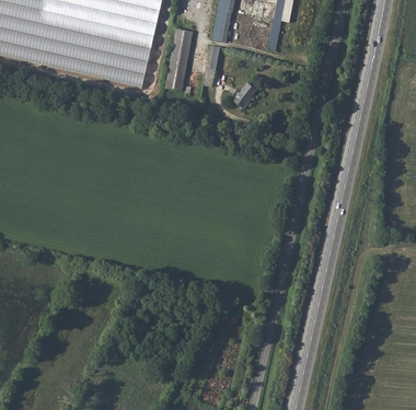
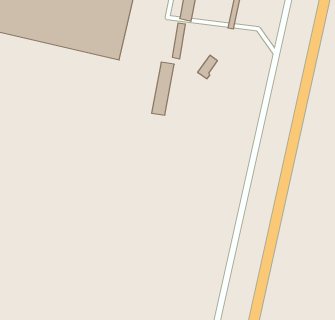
building: [165,28,192,90] -> [152,62,174,115]

